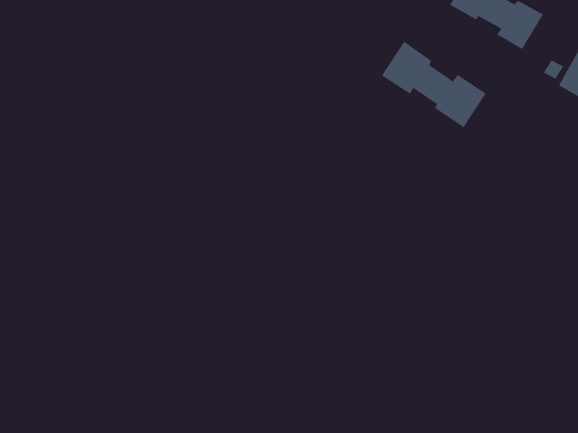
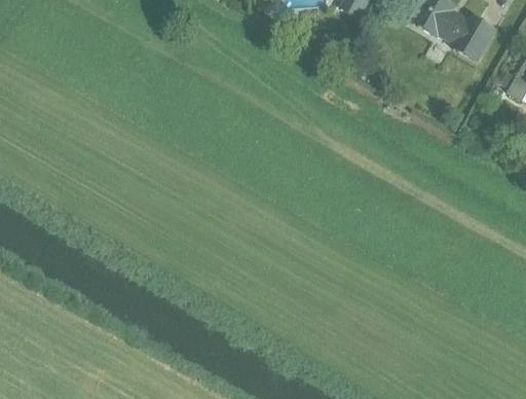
building: [381,41,486,128] -> none

